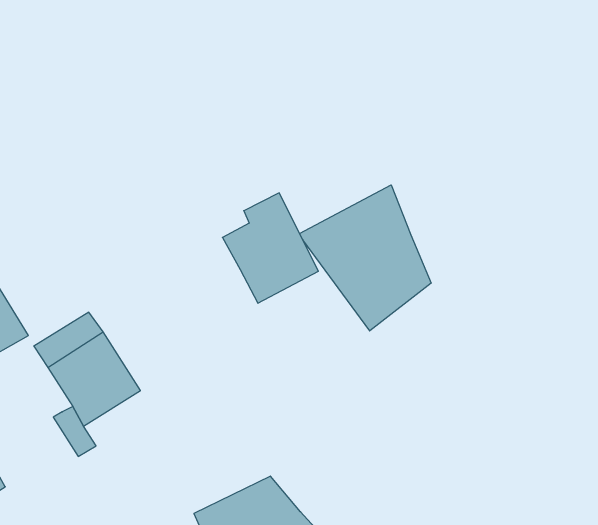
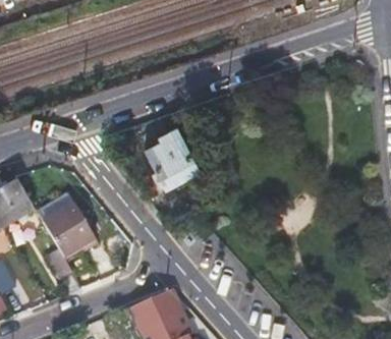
building: [300,185,431,331] -> none

